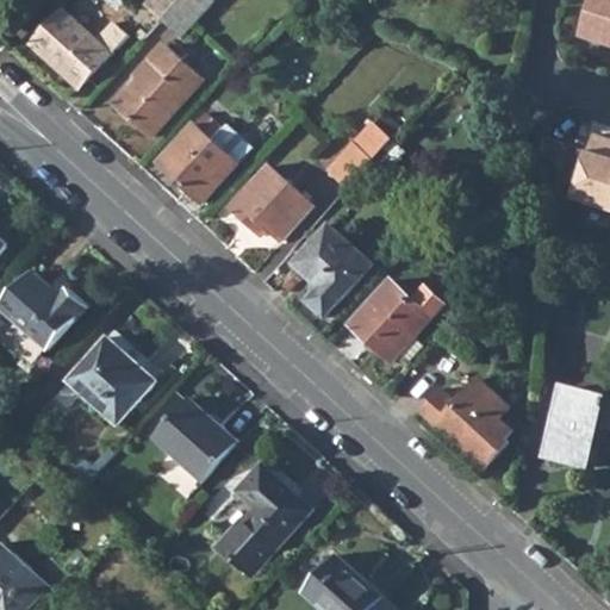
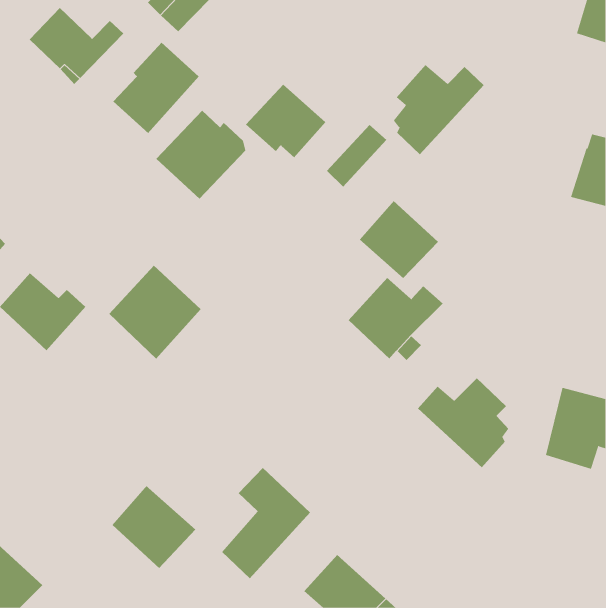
building: none -> [393,64,485,155]
building: [226,164,307,238] -> [245,84,326,158]
building: [288,220,368,299] -> [359,200,439,279]
building: [67,331,160,425] -> [108,265,202,359]
building: [151,400,236,484] -> [111,485,196,569]

